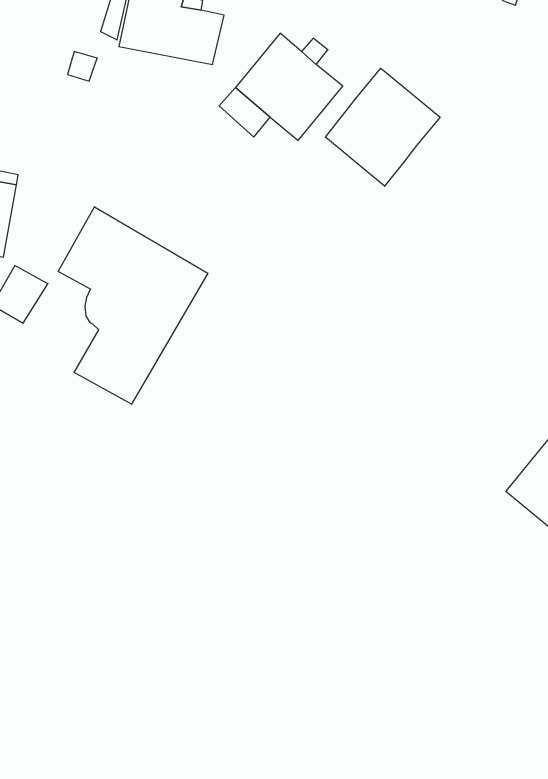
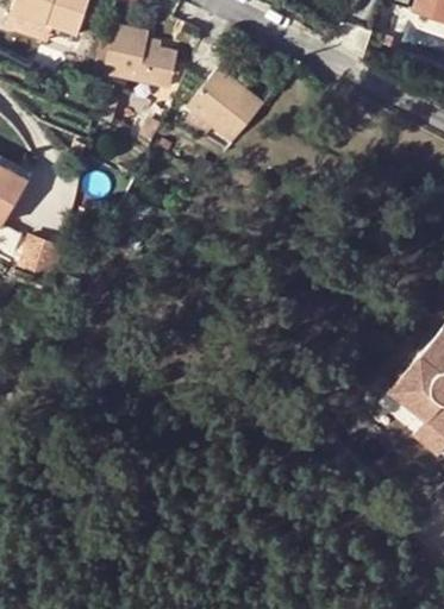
building: [325,68,440,186] -> none
building: [58,207,208,404] -> none

